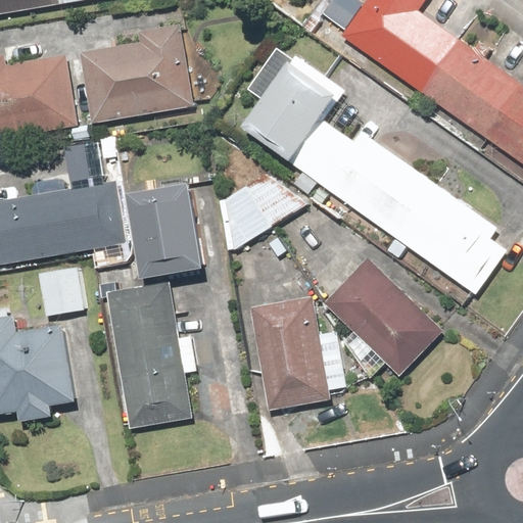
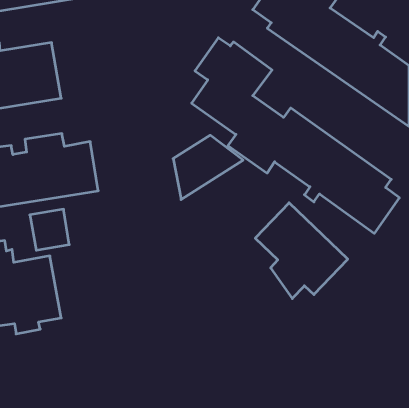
building: [80,22,193,124] -> none
building: [129,181,211,283] -> none
building: [92,263,198,428] -> none
building: [251,297,330,411] -> none

